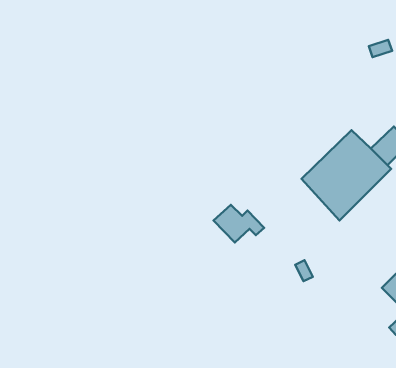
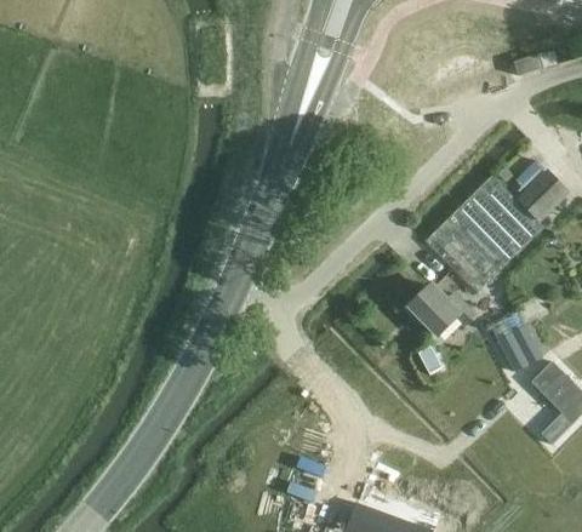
building: [213,205,264,243] -> [409,284,475,333]
building: none -> [490,310,541,370]

